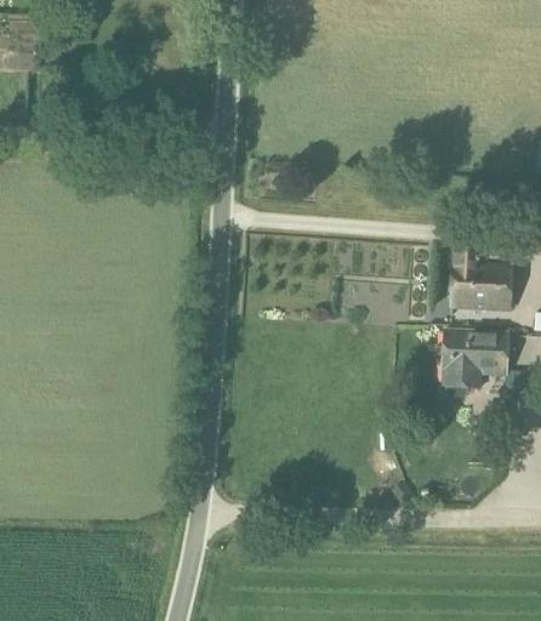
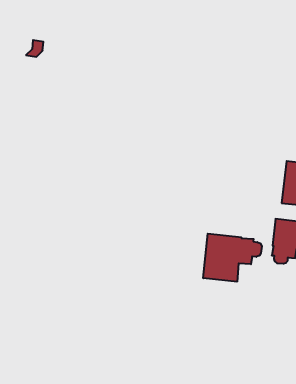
building: none -> [203,234,262,282]

